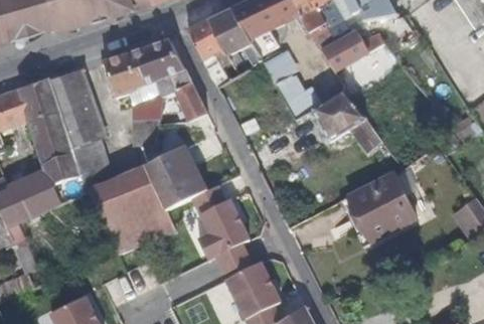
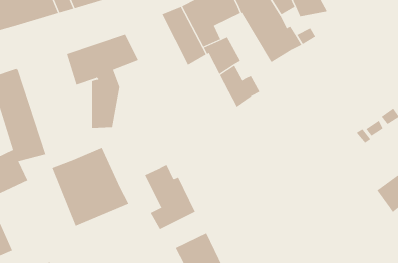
building: [187,17,239,87] -> none
building: [50,68,111,189] -> none
building: [157,68,208,122] -> none
building: [312,90,382,151] -> none
building: [144,147,206,211] -> none
building: [349,173,417,241] -> none

